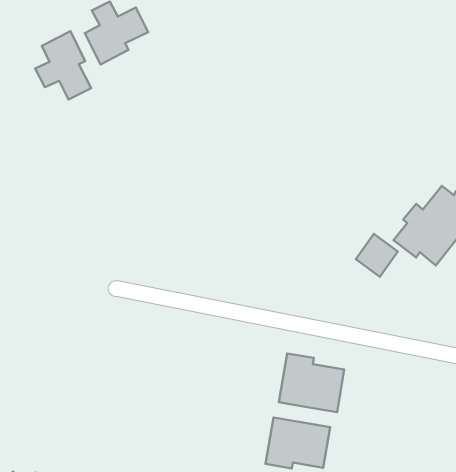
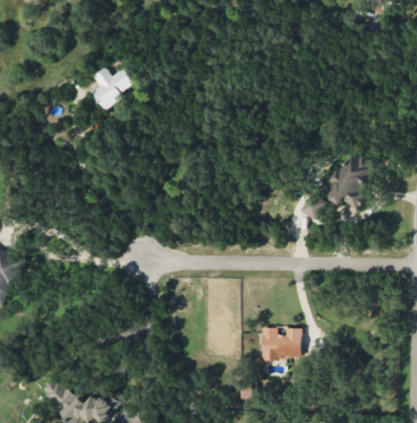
building: [35,31,91,100] -> none
building: [279,353,344,412] -> none

